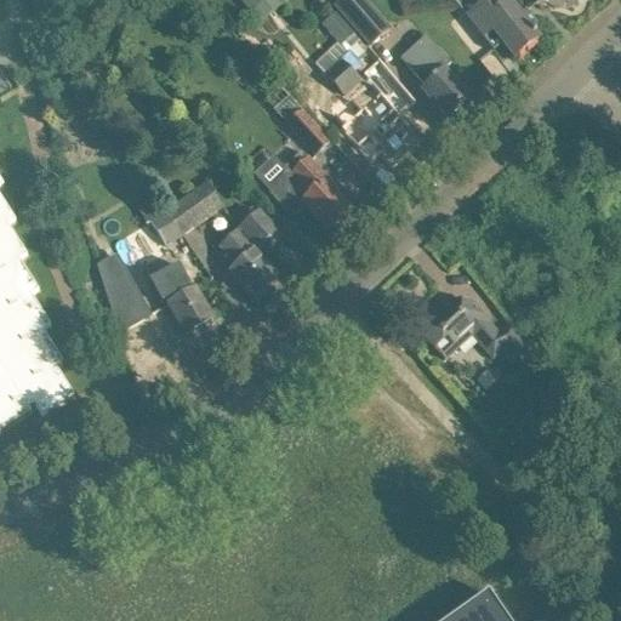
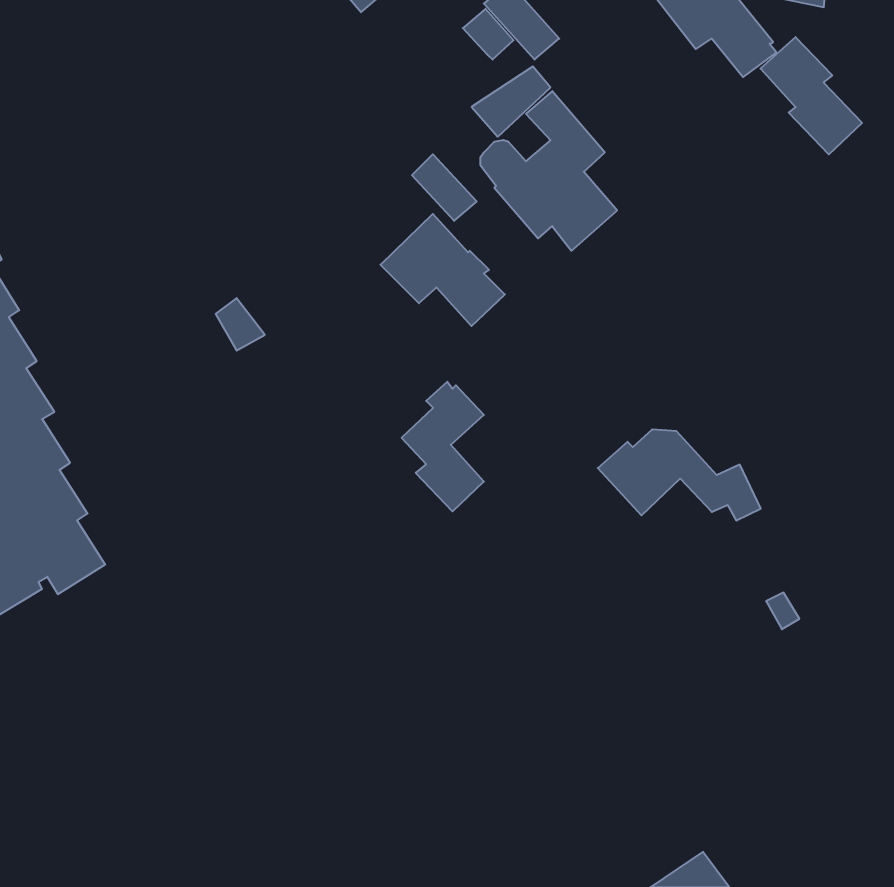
building: [399,33,469,114] -> [760,37,862,154]
building: [164,180,222,232] -> none
building: [218,204,275,294] -> [402,382,484,511]
building: [96,251,150,331] -> none
building: [149,261,211,331] -> none

